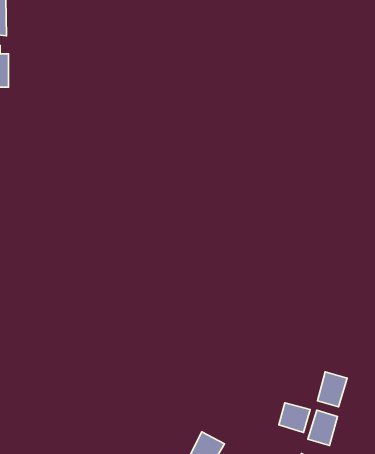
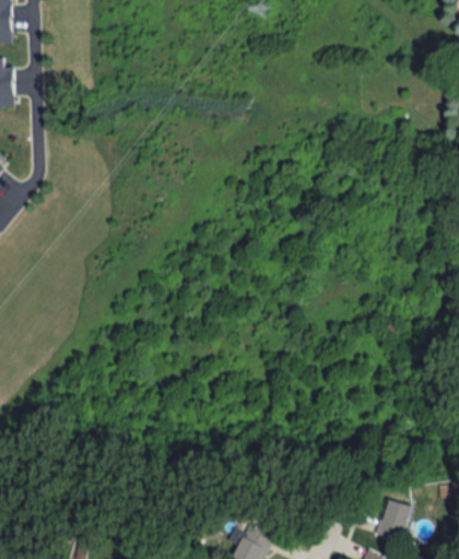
building: [317,372,347,407] -> none
building: [279,403,310,433] -> none

